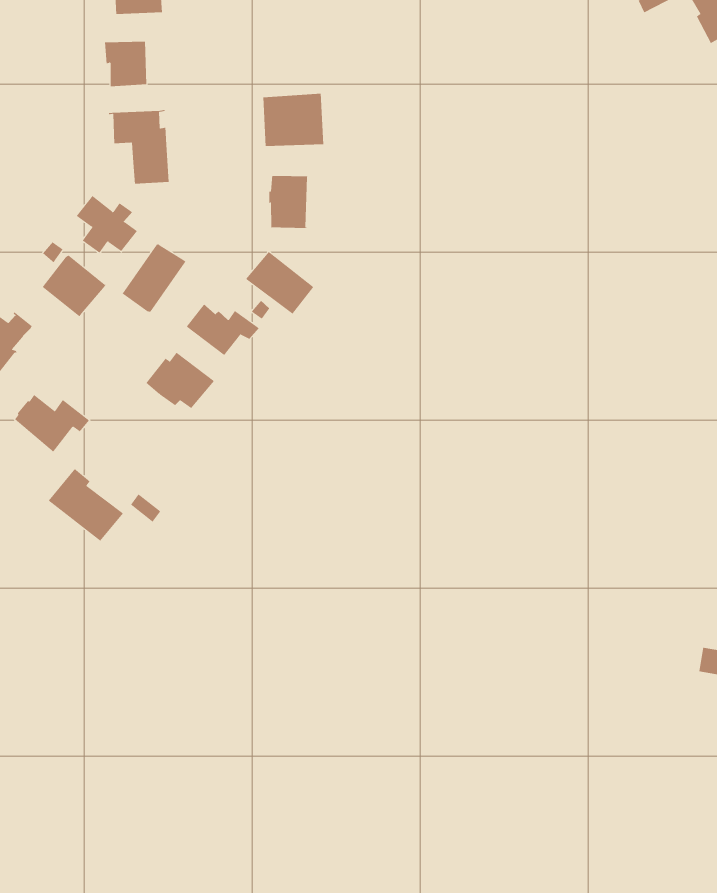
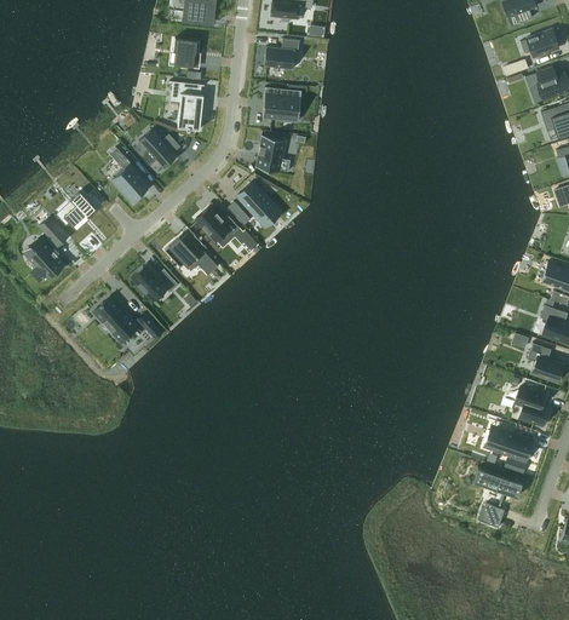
building: none -> [264,39,299,69]
building: [122,243,187,313] -> none
building: [14,394,90,452] -> [132,263,178,300]

